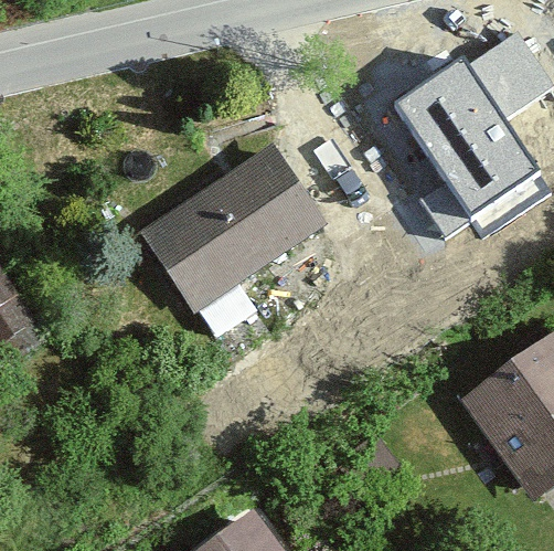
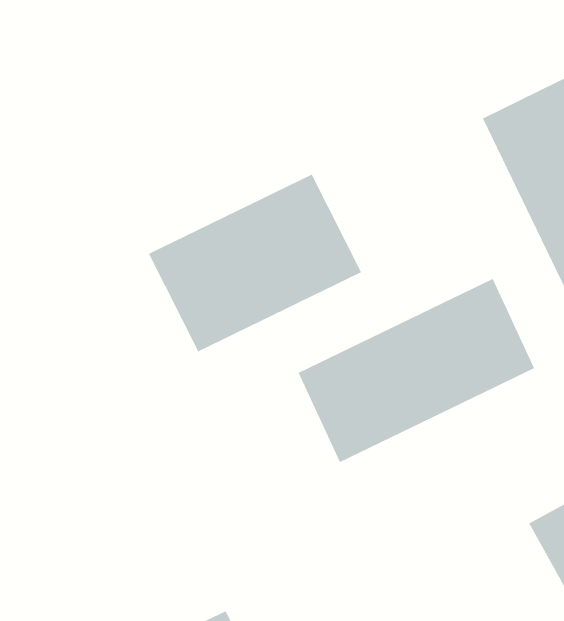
building: none -> [298,278,535,463]

